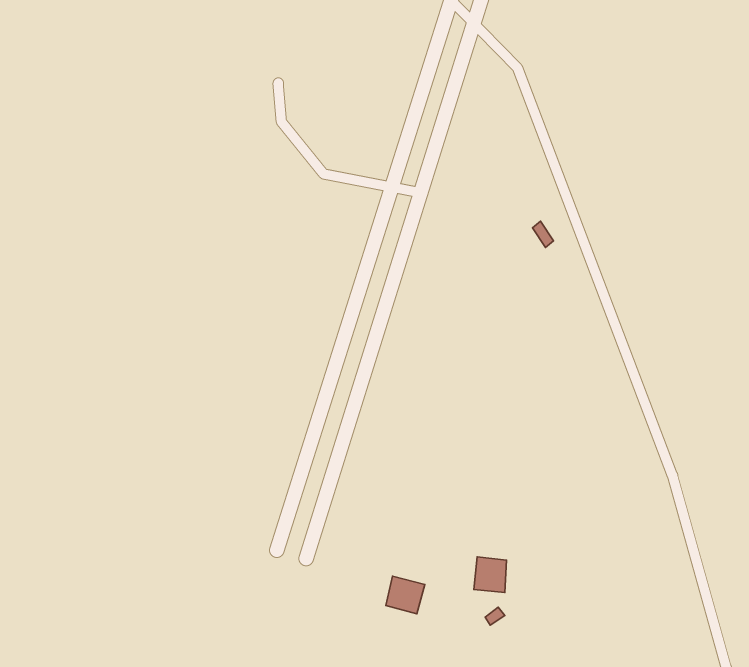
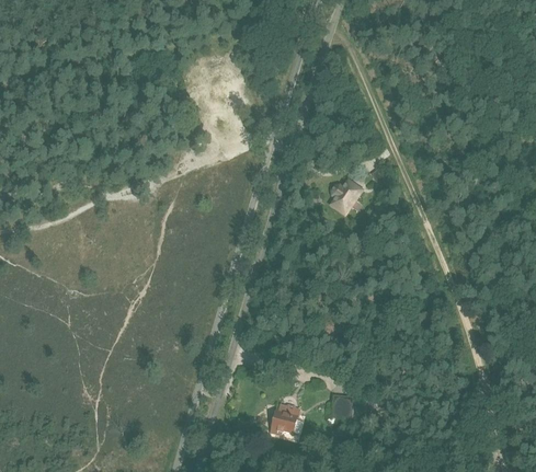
building: none -> [332,180,361,210]

